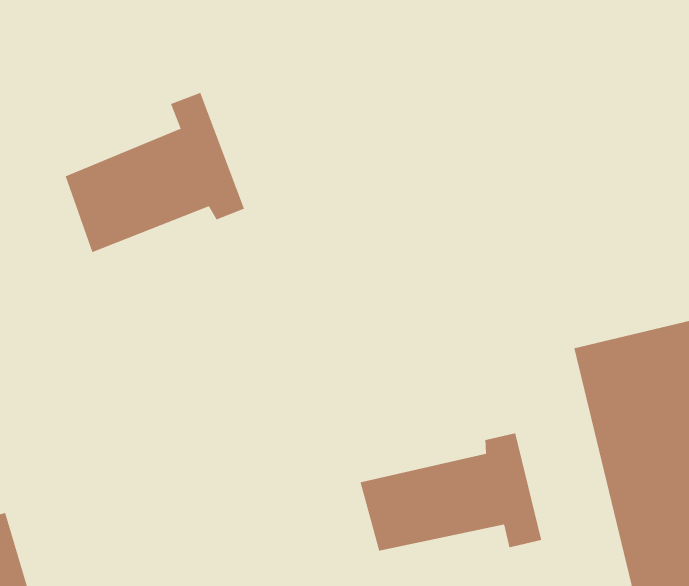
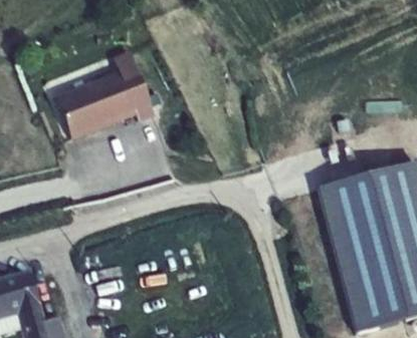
building: [360,433,542,551] -> none

